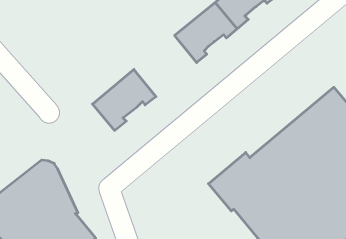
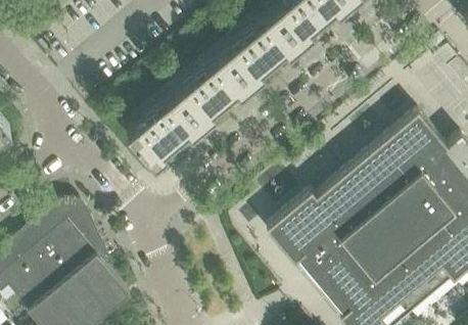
building: none -> [177,51,252,125]

